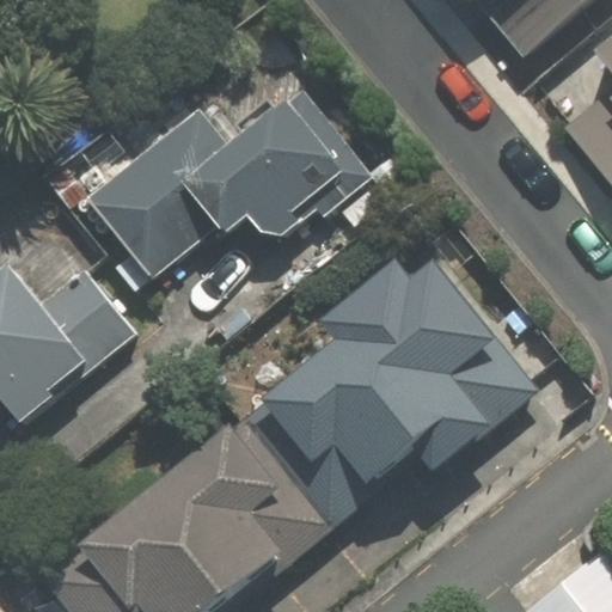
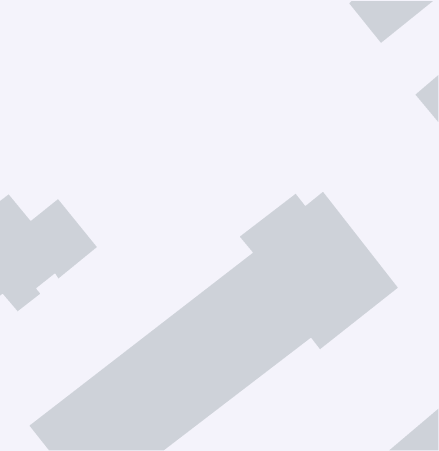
building: [84,87,369,277] -> none

